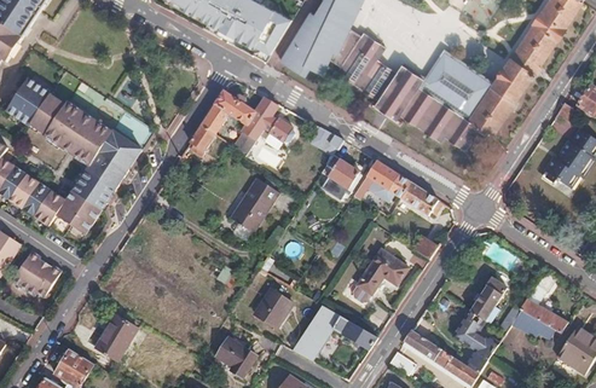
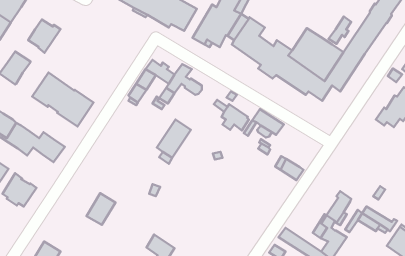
building: none -> [328,17,351,44]
building: [30,95,76,143] -> [28,20,61,53]
building: [69,166,117,214] -> none
building: [399,183,438,215] -> none
building: [358,253,406,296] -> none
building: [256,291,294,331] -> none
building: [291,305,376,359] -> none
building: [97,315,138,360] -> [87,193,116,225]

